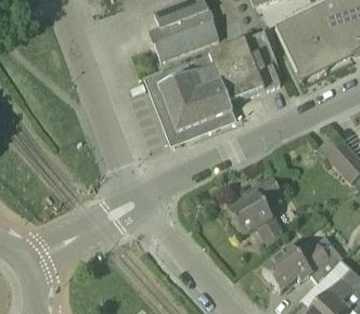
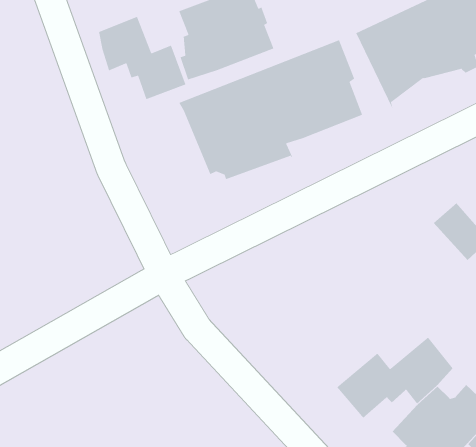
building: none -> [98,16,187,100]
building: [228,178,282,243] -> none

